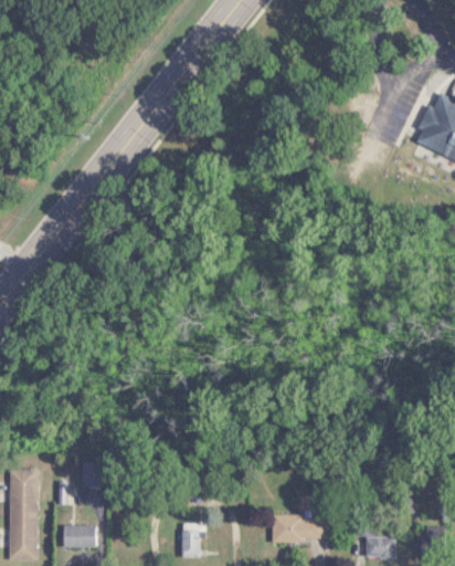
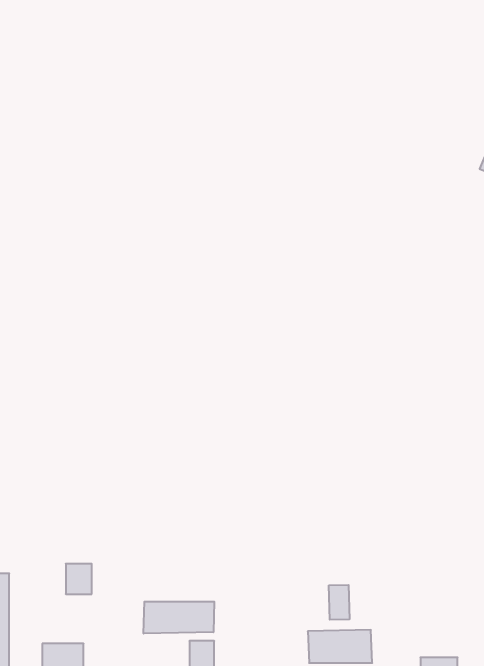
building: none -> [329,585,349,620]
building: none -> [144,602,214,634]

